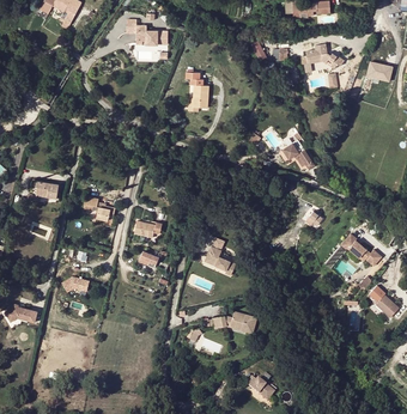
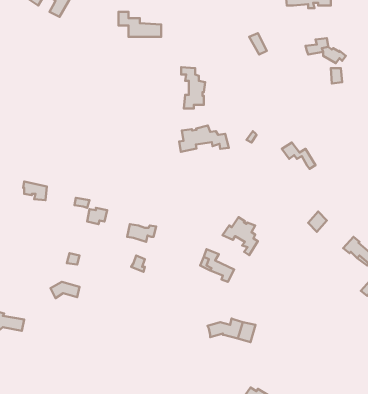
building: none -> [179,126,229,152]
building: none -> [222,217,258,255]

